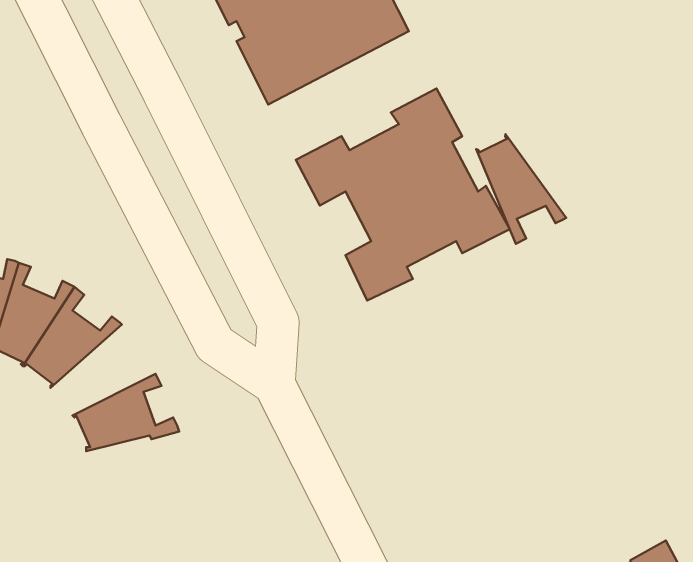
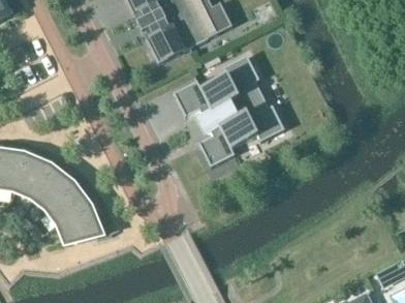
building: [476,134,566,244] -> none
building: none -> [45,179,100,226]

